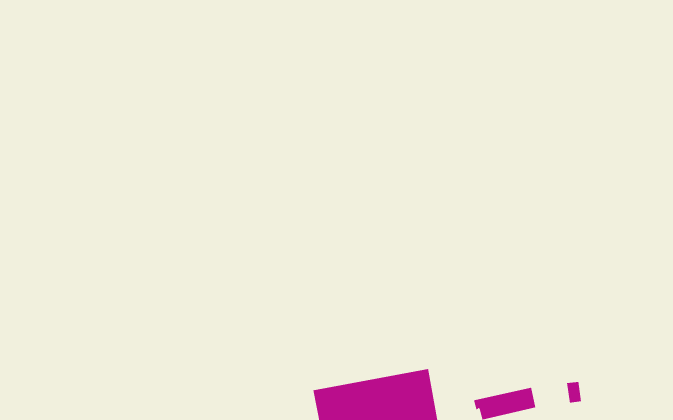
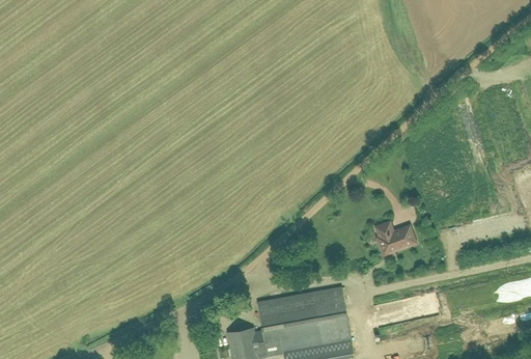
building: none -> [375,221,416,251]

